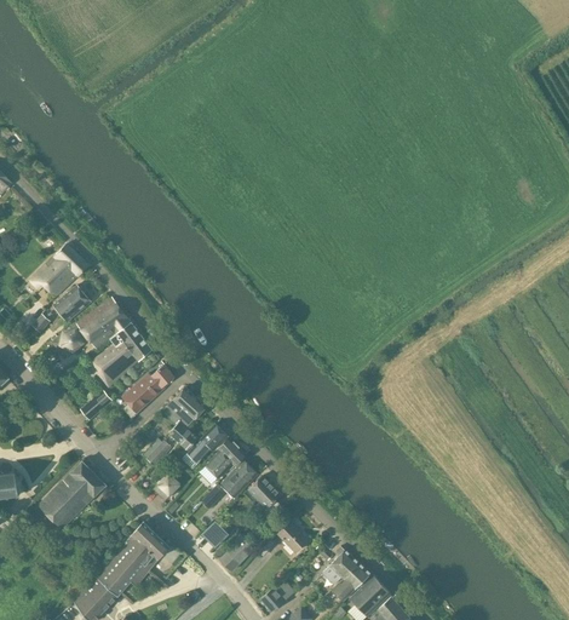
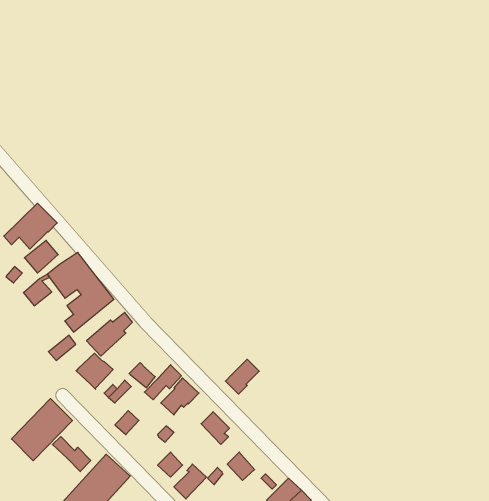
building: [165,388,206,427] -> [76,353,113,389]
building: [219,460,257,499] -> [225,359,259,394]
building: none -> [52,437,91,472]

